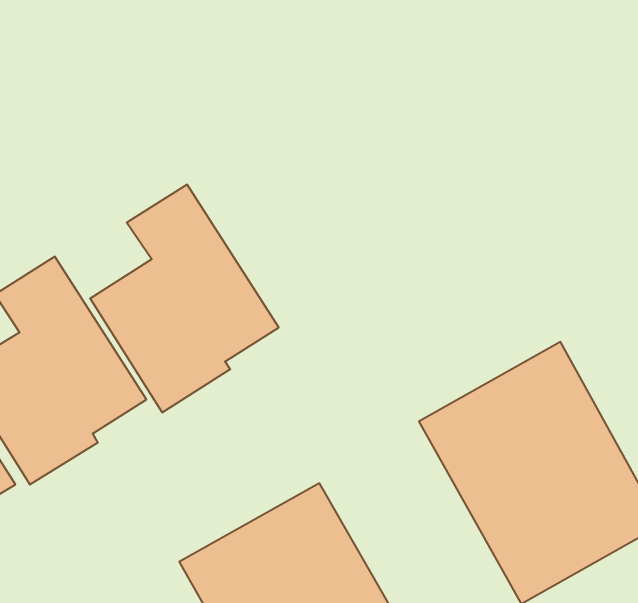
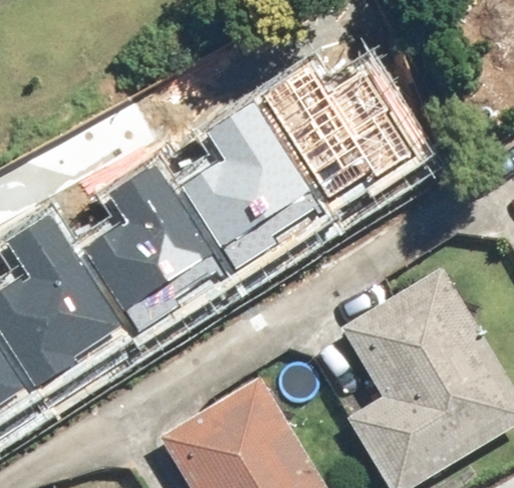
building: none -> [256,58,424,199]
building: none -> [176,91,320,265]

